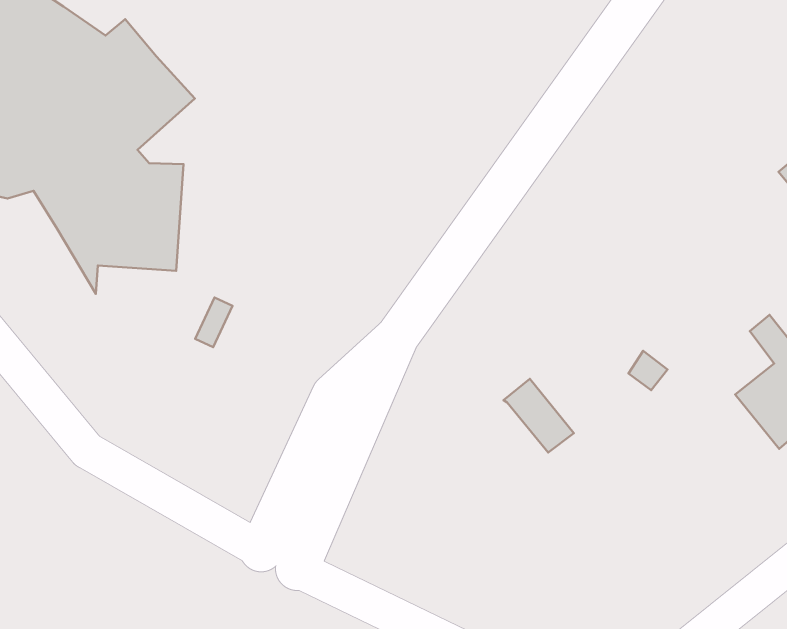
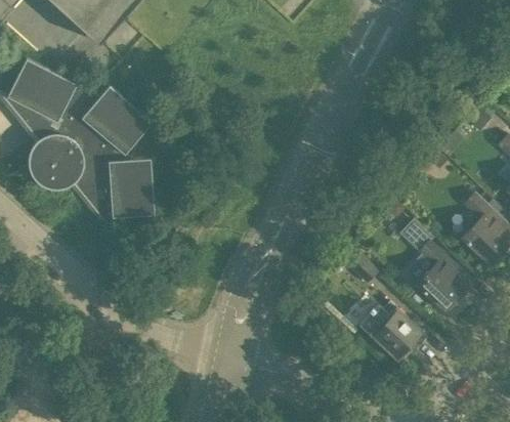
building: none -> [416,243,472,313]
building: none -> [359,302,424,363]

